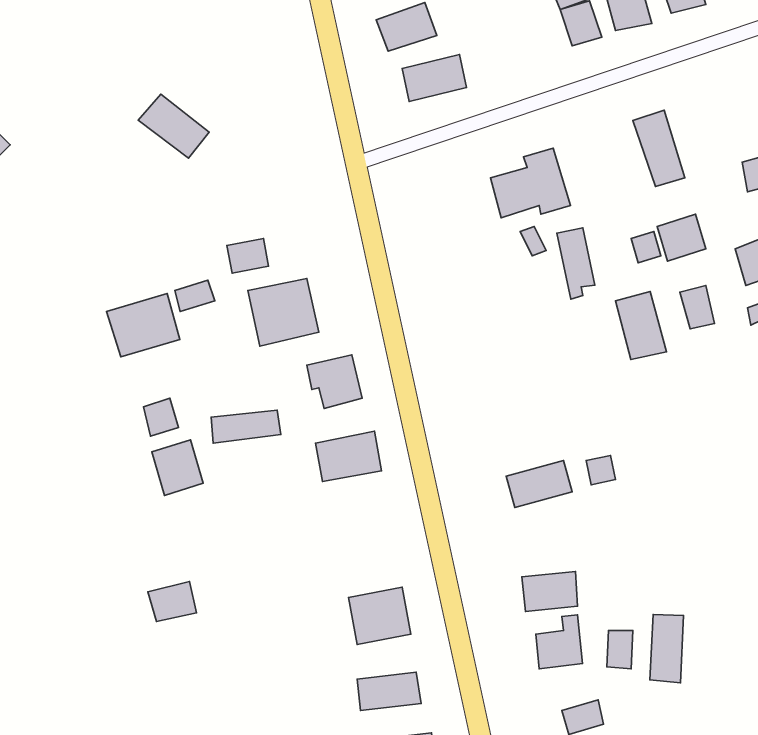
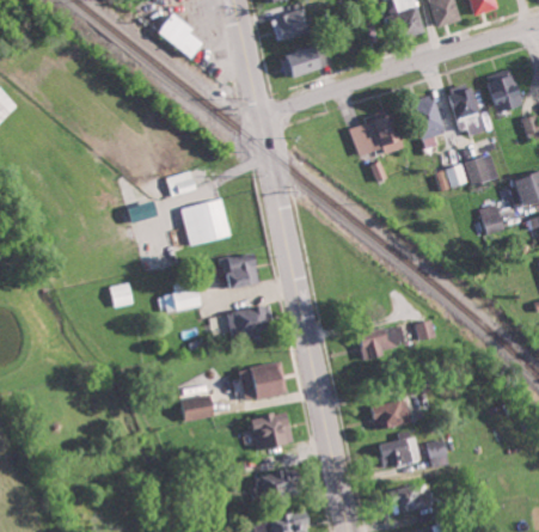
building: none -> [486,69,521,114]
building: [138,94,209,158] -> [157,16,206,60]
building: [557,228,595,299] -> [415,96,441,145]
building: [616,291,666,360] -> none
building: [107,293,180,357] -> none
building: [152,440,203,495] -> none
building: none -> [239,361,287,400]
building: [148,582,197,621] -> [182,393,215,421]
building: [650,614,683,683] -> none

